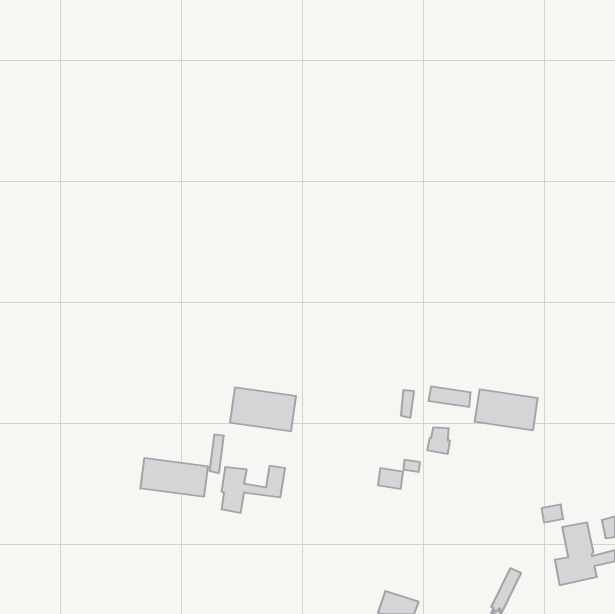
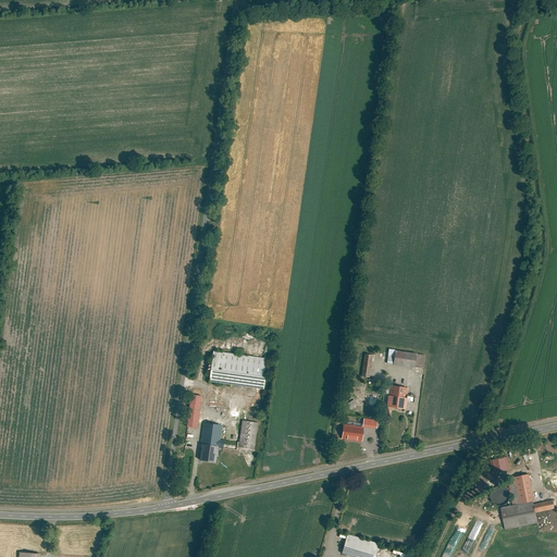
building: [475,389,537,430] -> none
building: [140,458,208,497] -> none

